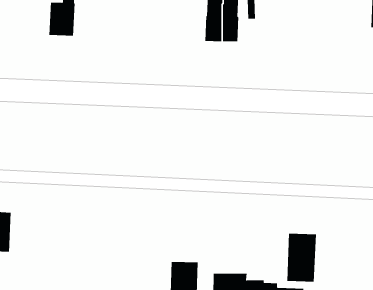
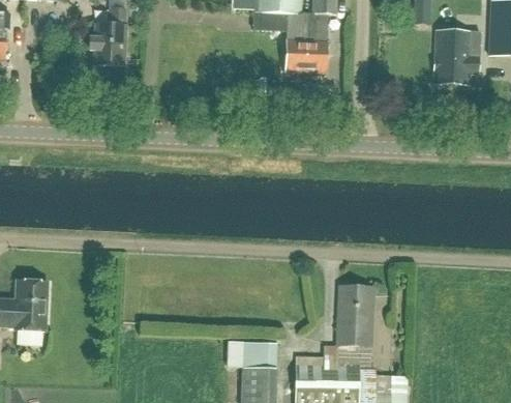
building: none -> [432,30,478,86]
building: [287,233,317,282] -> [336,285,373,345]

